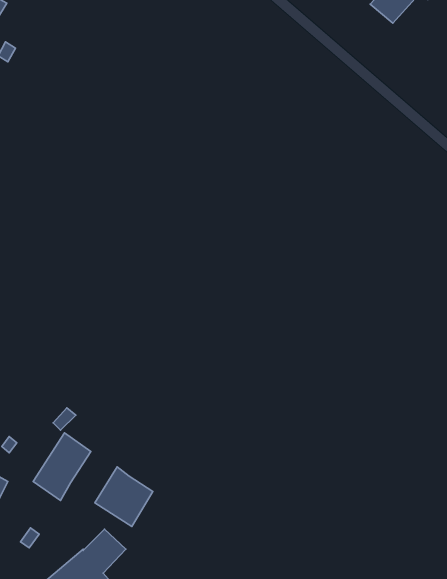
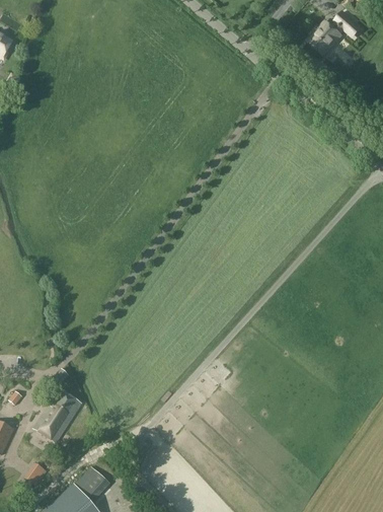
building: [95,467,153,527] -> none

